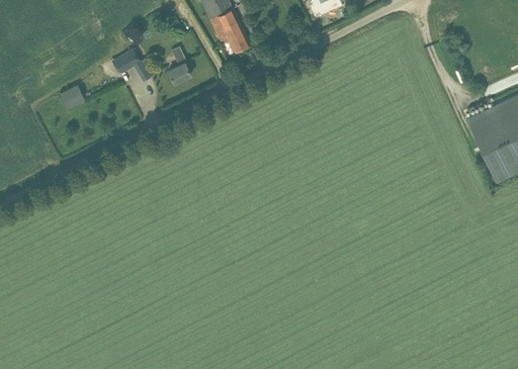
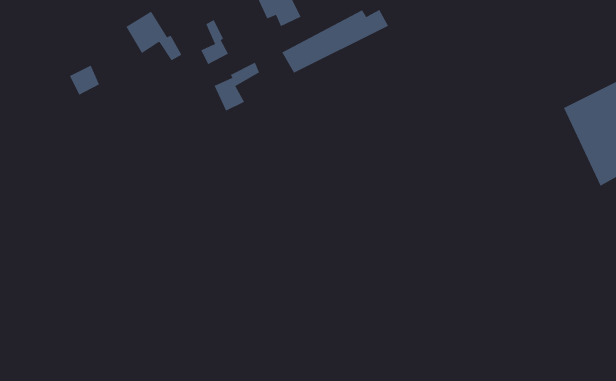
building: none -> [282,9,389,74]
building: none -> [214,62,260,112]

